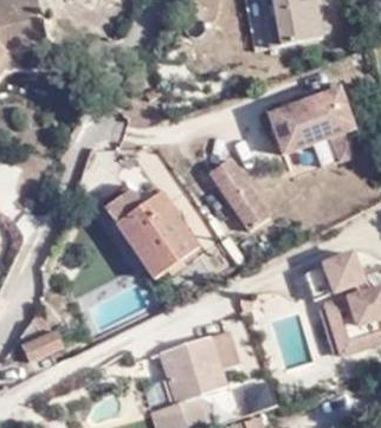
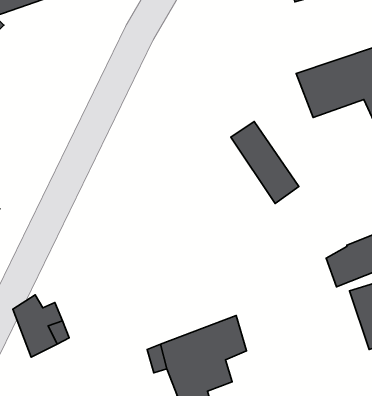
building: [101,181,202,279] -> none

